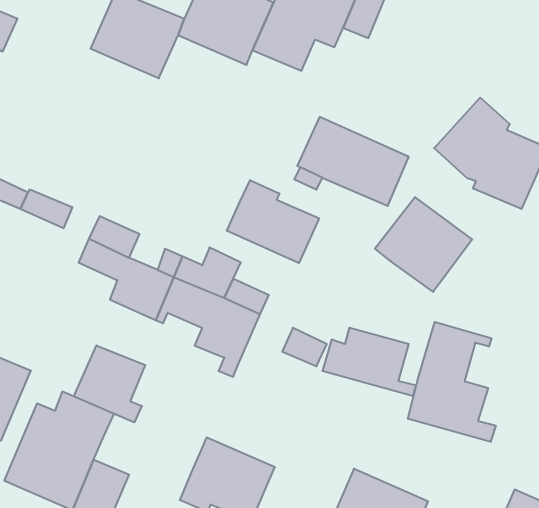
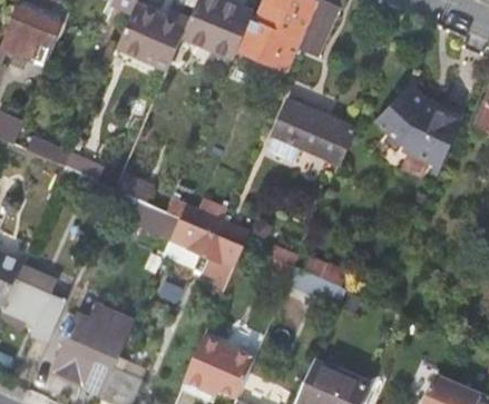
building: [227,180,319,263] -> none
building: [375,197,472,292] -> none
building: [408,322,496,442] -> none
building: [74,345,145,422] -> none

